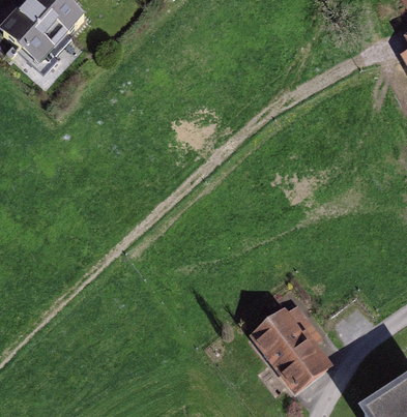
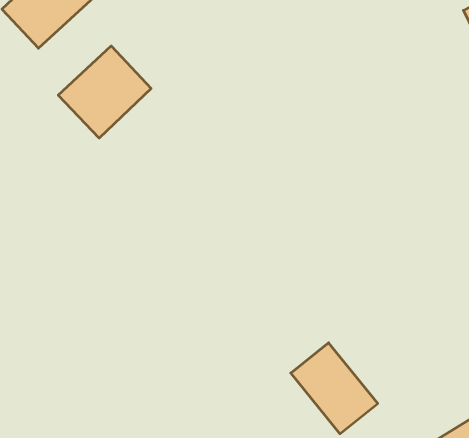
building: none -> [58,46,151,138]

